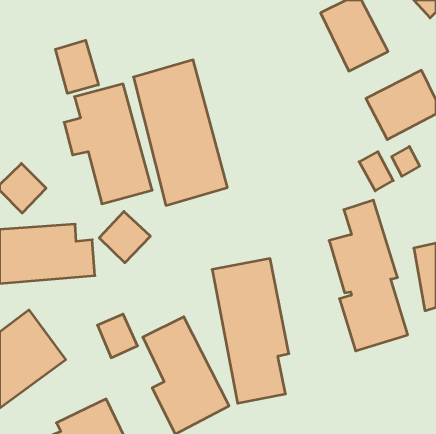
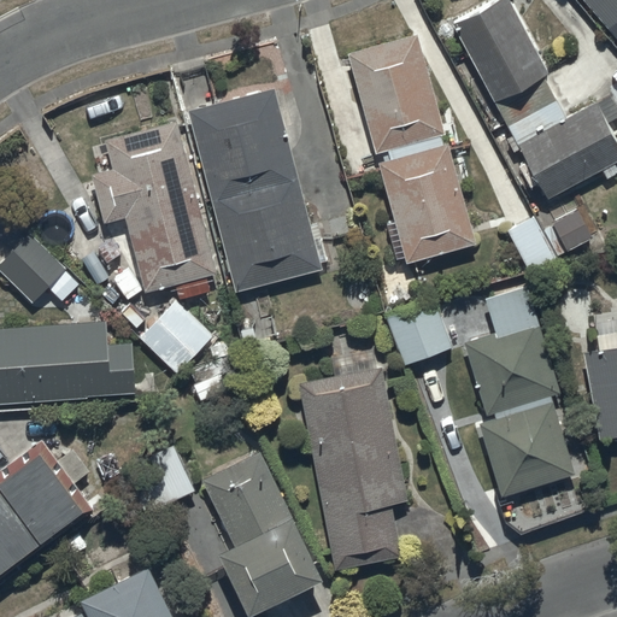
building: none -> [347,34,476,263]
building: [55,40,98,93] -> none
building: none -> [386,301,452,366]

